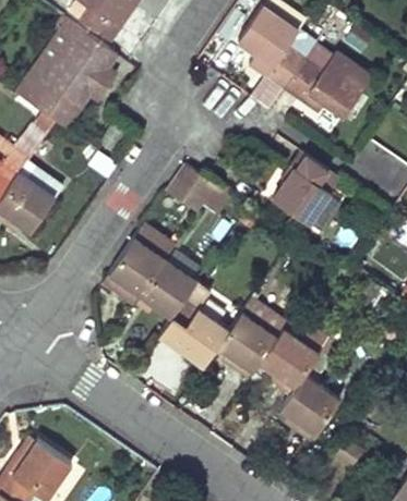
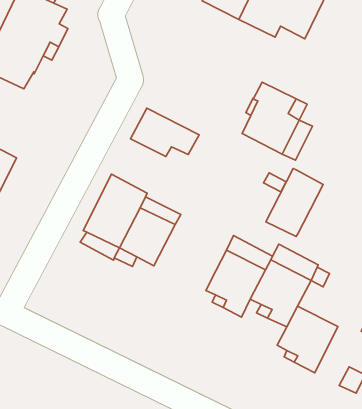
building: none -> [266,168,323,236]
building: [158,298,229,366] -> none

